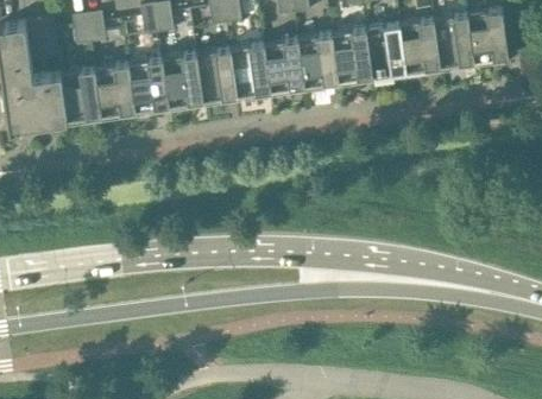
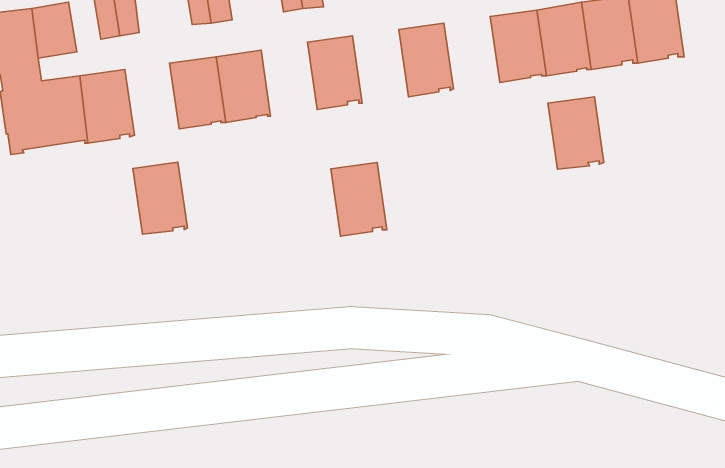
building: [332,27,373,81] -> [548,97,604,169]
building: [264,37,305,91] -> [331,163,387,236]
building: [196,46,238,101] -> none
building: [95,62,136,115] -> [133,162,187,234]

